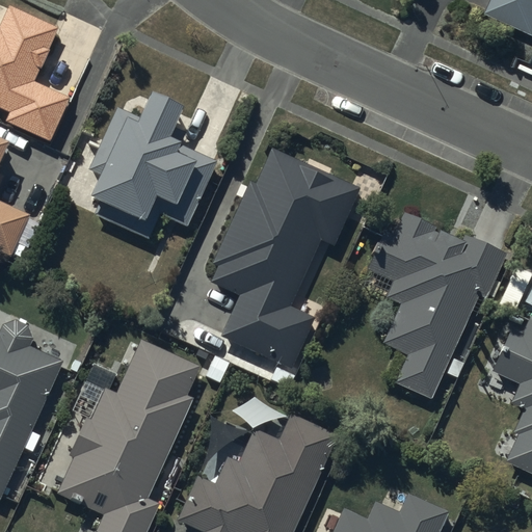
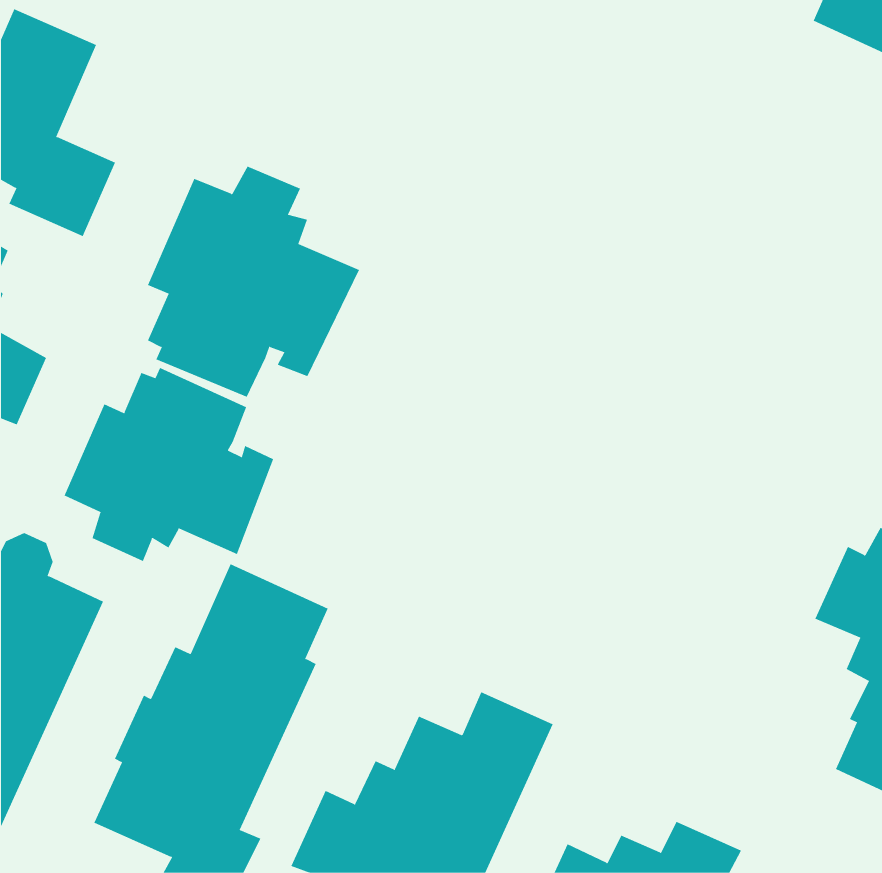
building: [209,148,358,370] -> none
building: [366,213,505,399] -> none
building: none -> [64,367,274,562]

